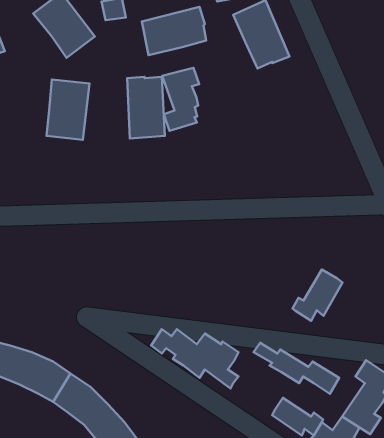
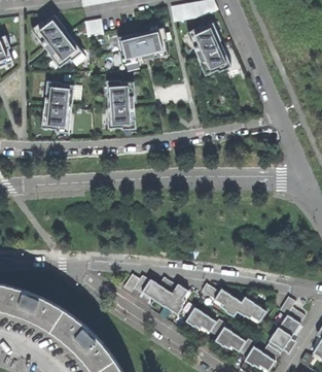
building: [162,68,199,131] -> none
building: [293,269,342,321] -> none
building: none -> [186,308,225,336]

